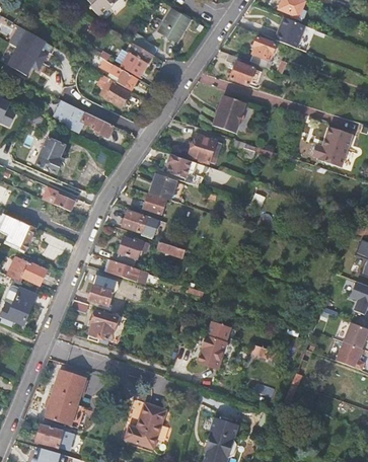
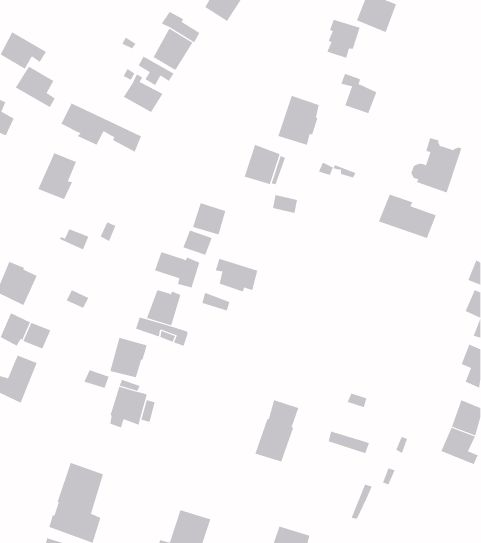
building: [16,30,47,62] -> [15,66,56,108]
building: [228,54,255,84] -> [340,73,377,114]
building: [164,153,197,178] -> [215,258,258,292]
building: none -> [378,194,436,239]

